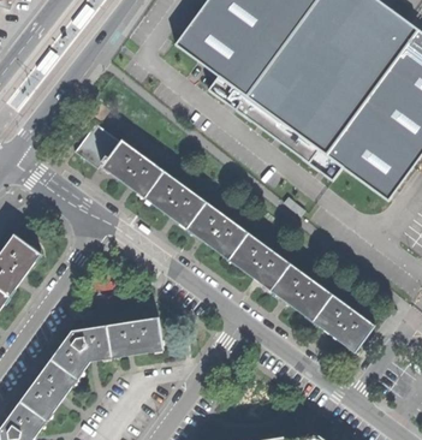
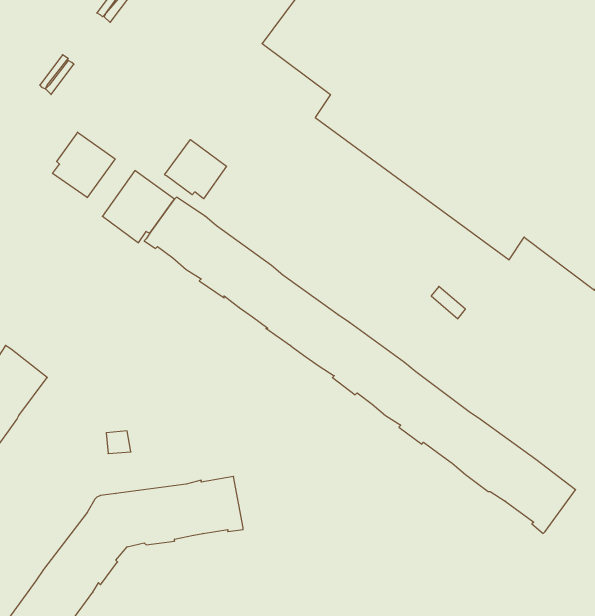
building: none -> [53,132,115,198]
building: none -> [165,140,227,199]

